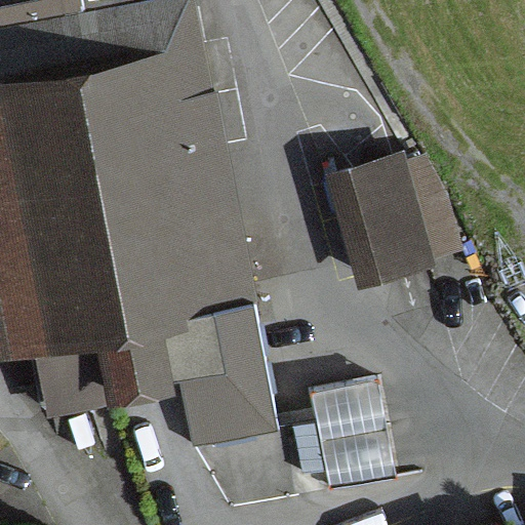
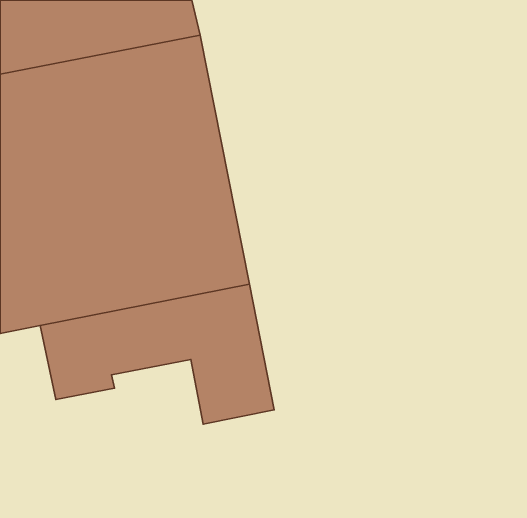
building: [331,163,431,289] -> none
building: [298,380,396,485] -> none

